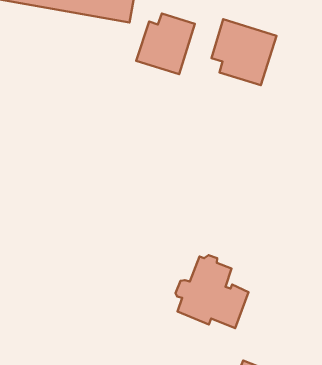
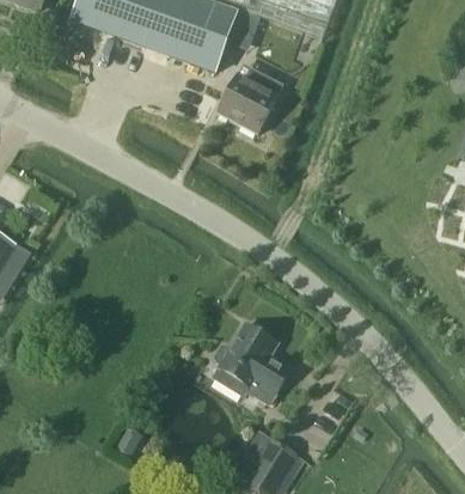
building: [212,19,276,85] -> none

